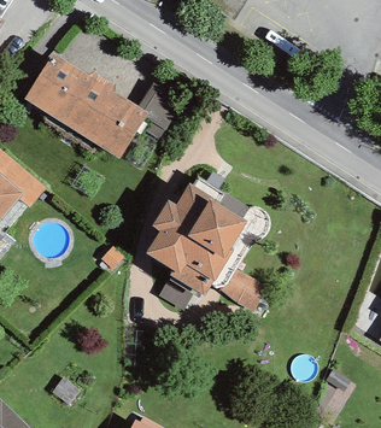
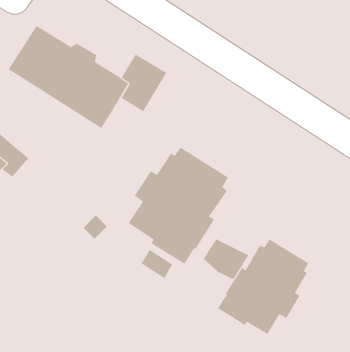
building: none -> [217,238,309,335]

